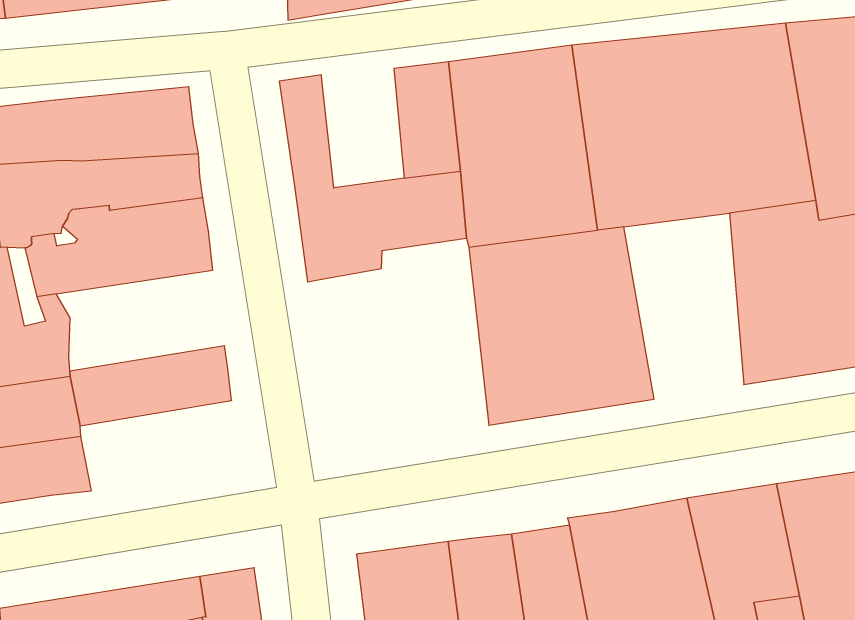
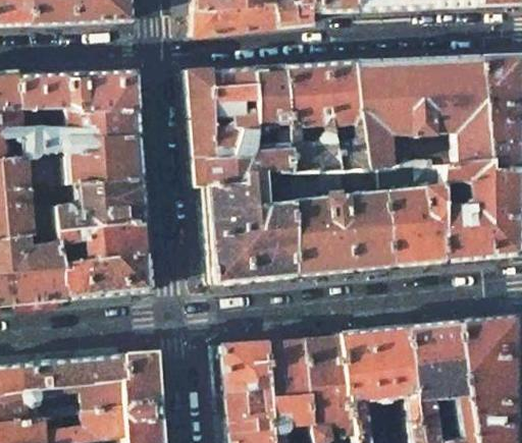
building: none -> [212,68,256,134]
building: none -> [380,163,443,267]
building: none -> [205,168,296,285]
building: none -> [52,177,147,230]
building: none -> [61,253,152,299]

